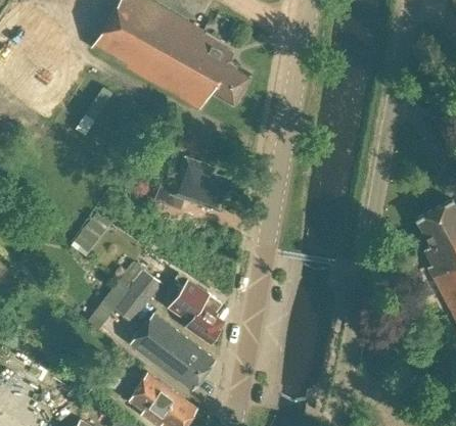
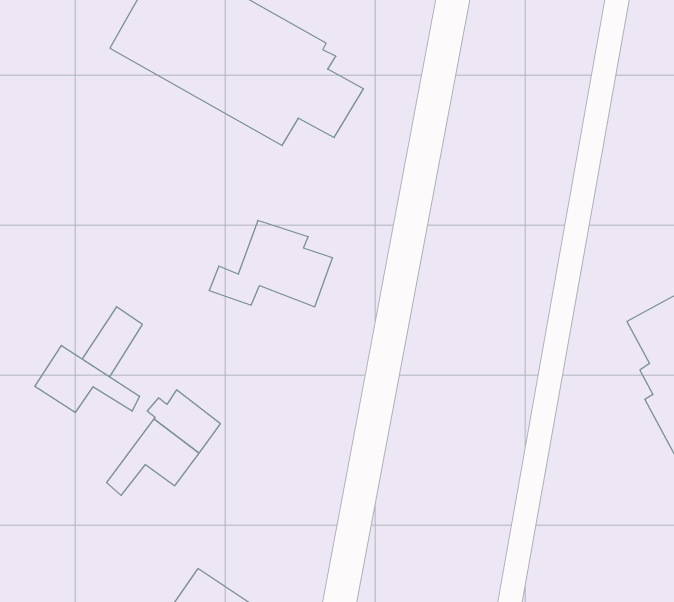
building: none -> [35,345,140,413]
building: [169,280,224,343] -> none
building: [131,313,215,390] -> none

